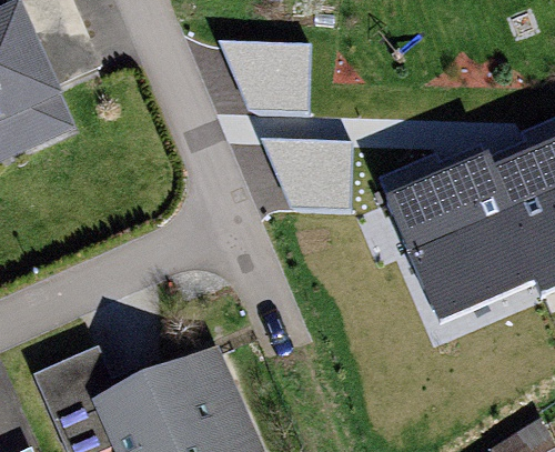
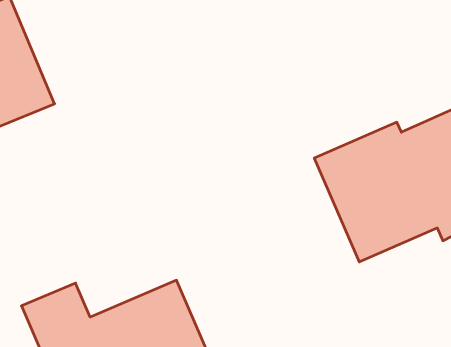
building: [218,40,311,111] -> none
building: [261,139,352,208] -> none

